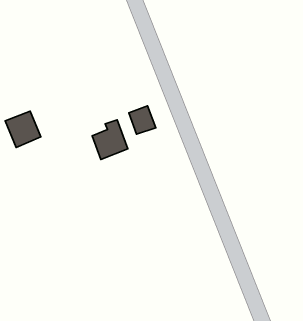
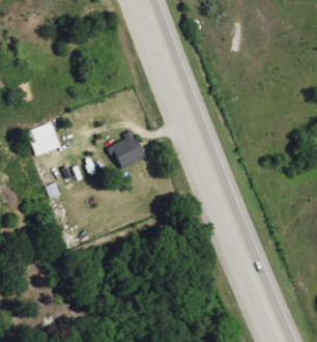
building: [129,106,156,134] -> none

